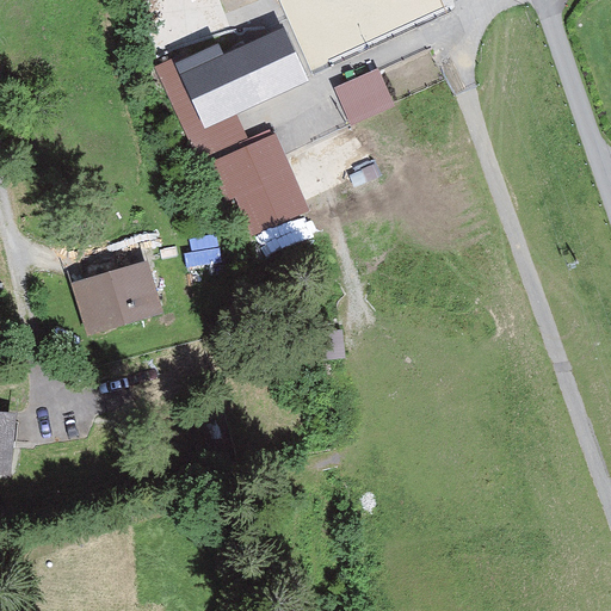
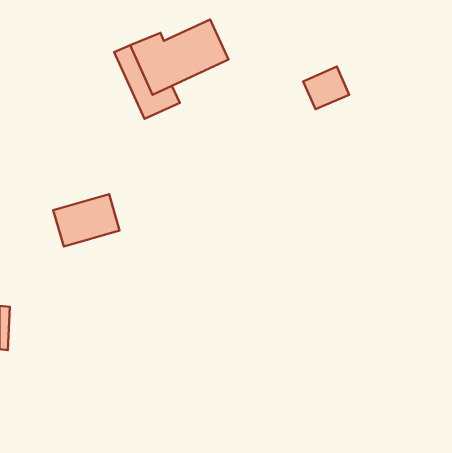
building: [332,68,394,125] -> [303,66,349,109]
building: [215,136,306,232] -> none

